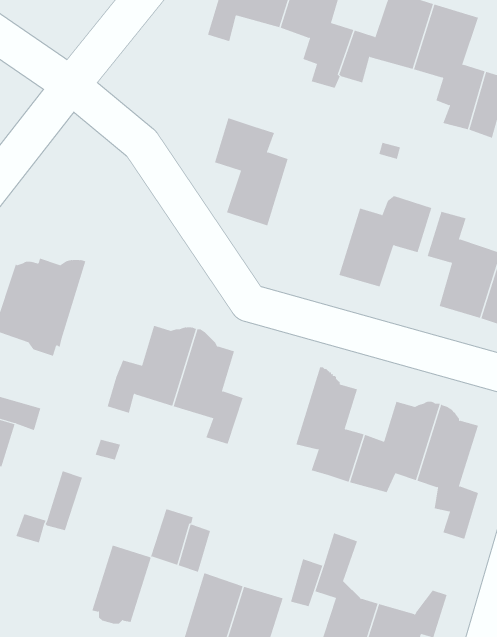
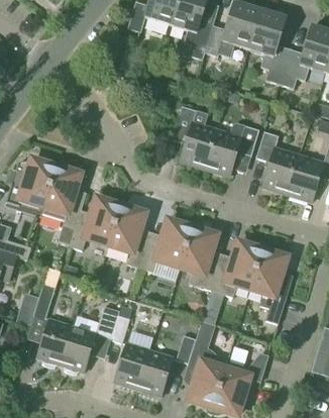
building: [214,117,289,226] -> [174,105,217,169]
building: none -> [41,161,84,228]
building: none -> [140,220,194,272]
building: none -> [37,319,73,365]

